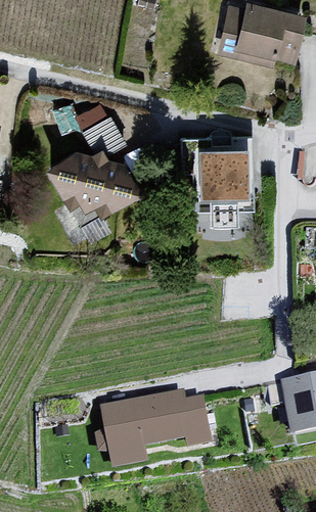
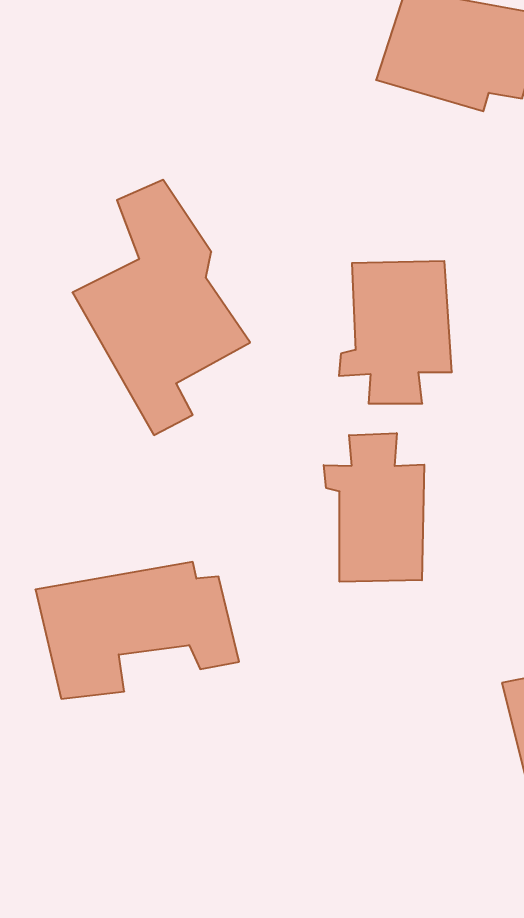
building: none -> [324,433,424,582]
building: [101,390,214,466] -> [35,562,239,699]

